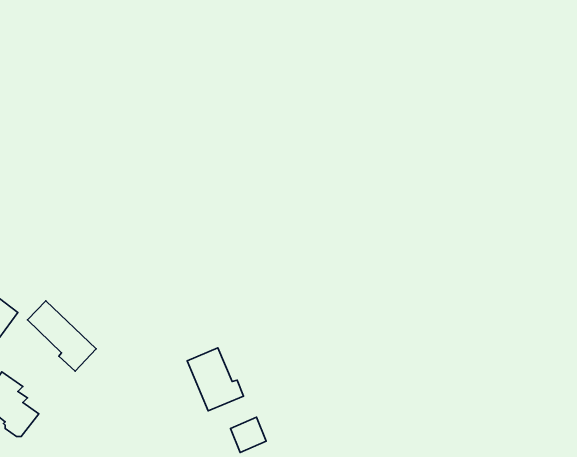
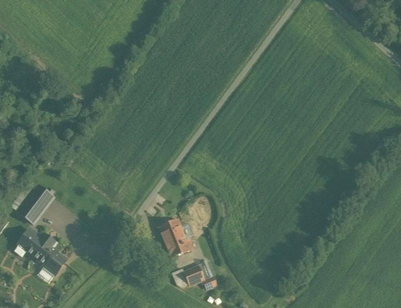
building: [27,301,96,371] -> none

